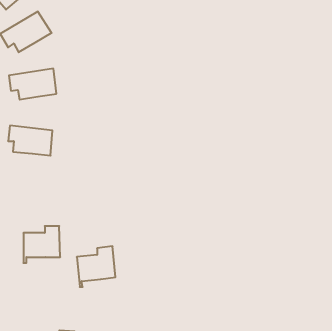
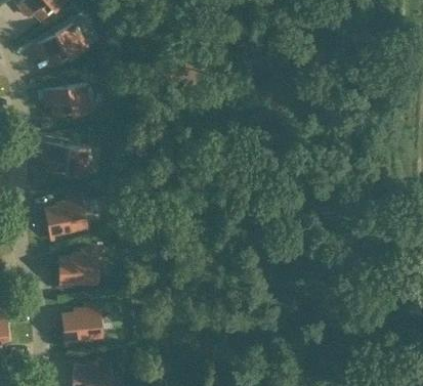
building: none -> [44,197,88,242]
building: [77,246,115,287] -> [61,305,102,348]

